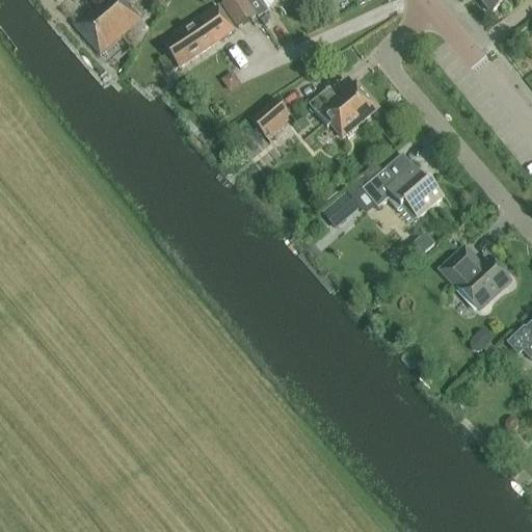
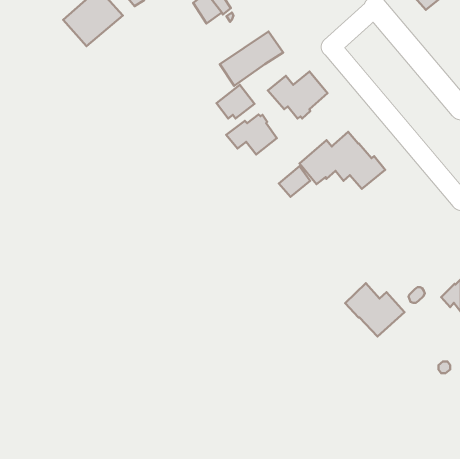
building: [163,5,236,68] -> [220,32,283,86]
building: none -> [226,115,277,154]
building: [443,247,511,309] -> [345,283,405,337]

